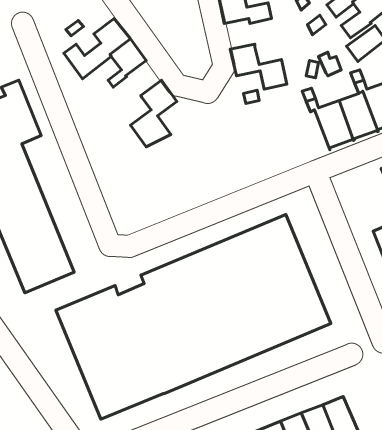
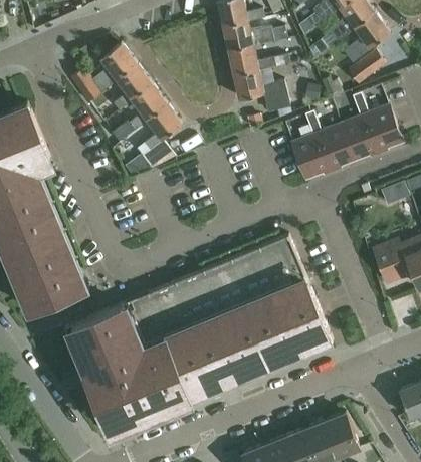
building: none -> [228,43,288,73]
building: none -> [112,84,167,143]
building: none -> [291,133,332,181]

